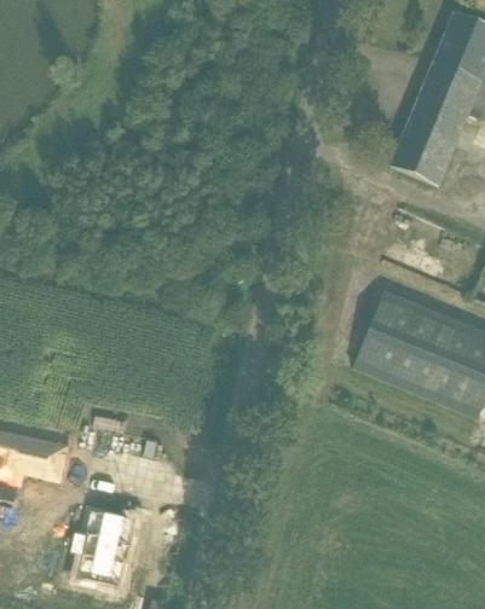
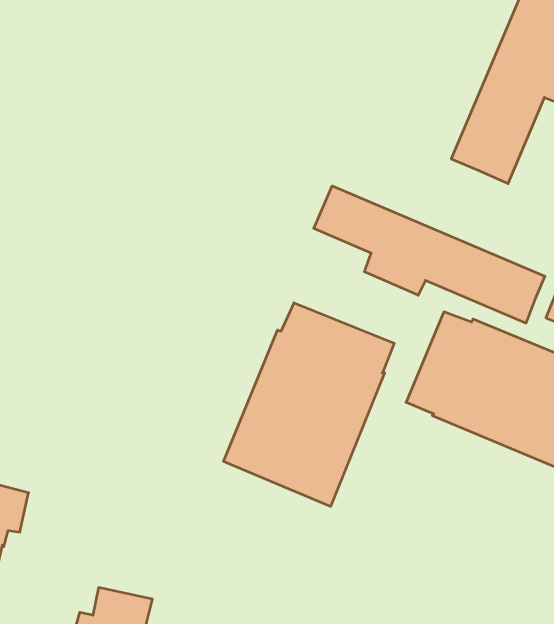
building: none -> [314,186,545,323]
building: none -> [224,303,394,506]

